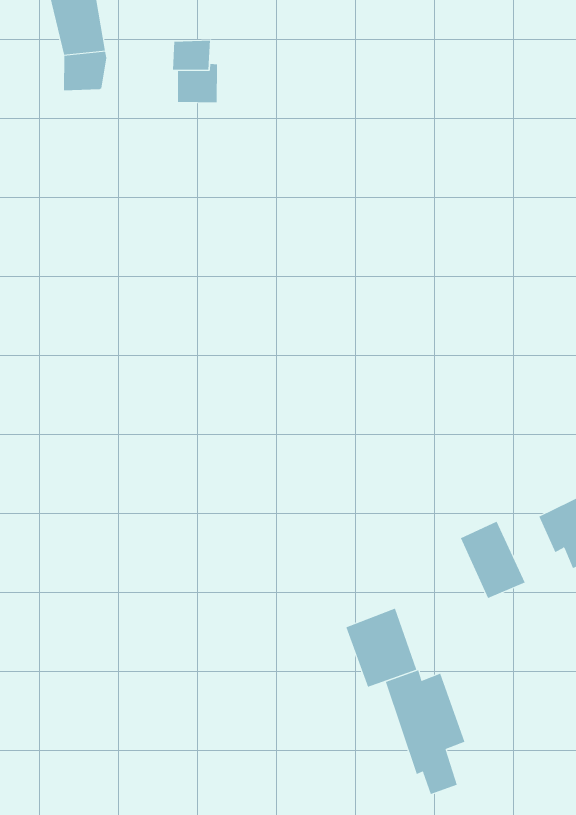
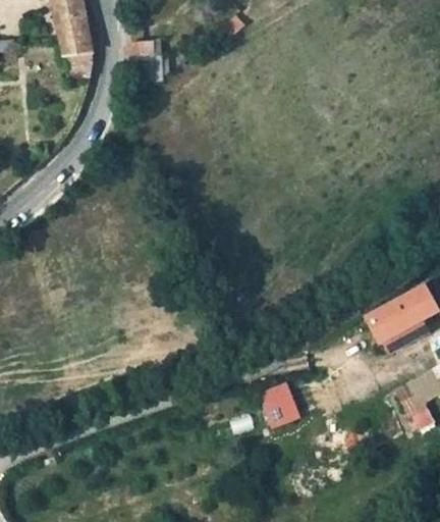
building: [460,521,526,599] -> none
building: [385,669,465,795] -> none

